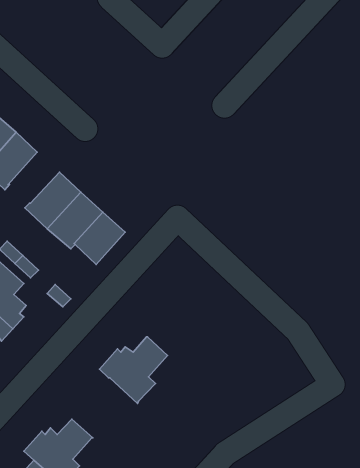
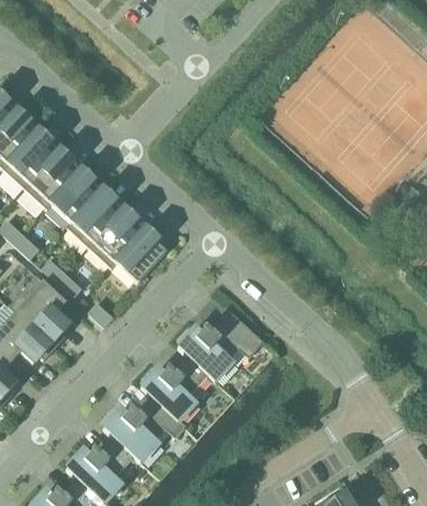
building: none -> [52,170,102,220]
building: none -> [178,308,264,378]
building: none -> [105,394,187,460]

